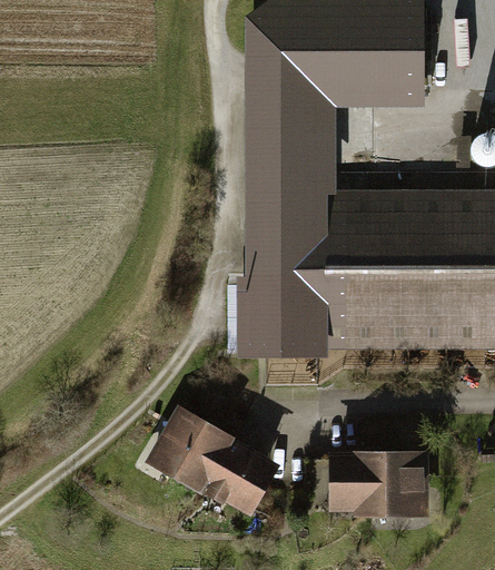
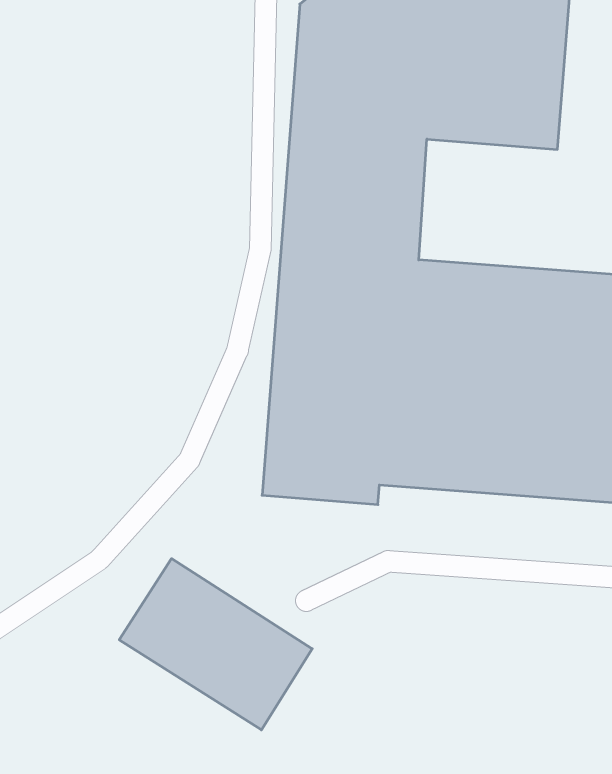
building: [317,452,434,522] -> none

